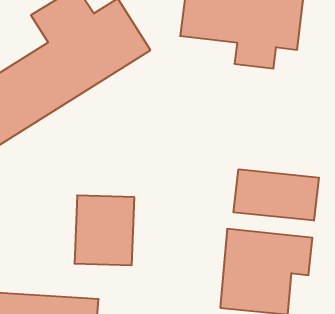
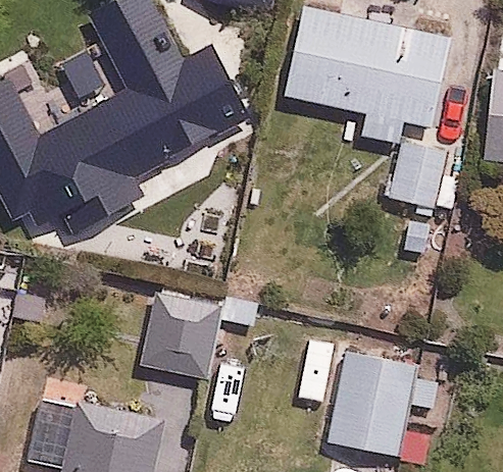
building: none -> [392,146,454,210]
building: [234,169,319,221] -> none

